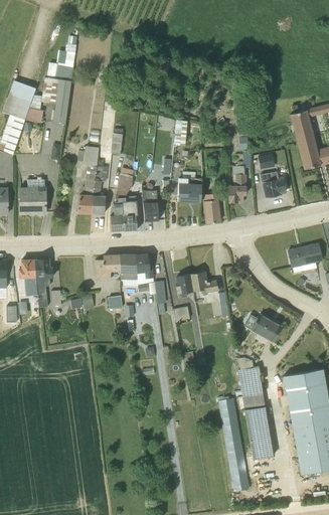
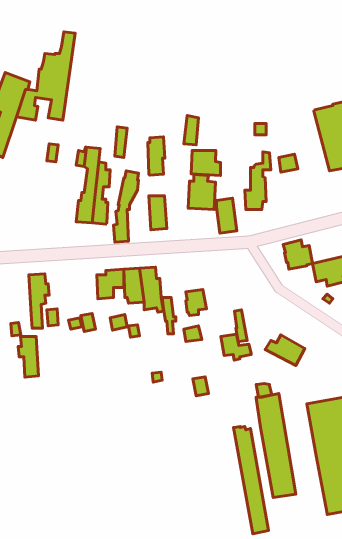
building: none -> [191,151,221,176]
building: [260,171,286,197] -> [283,240,313,269]
building: [20,178,45,214] -> none
building: [123,197,138,231] -> [148,137,165,175]
building: [19,261,37,297] -> [18,336,39,377]
building: [190,272,217,295] -> [221,334,251,360]

